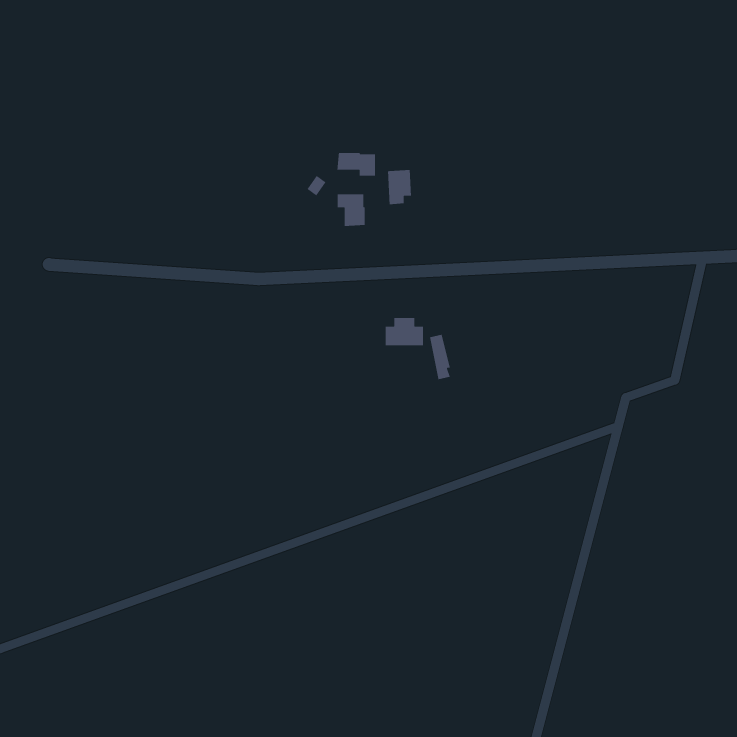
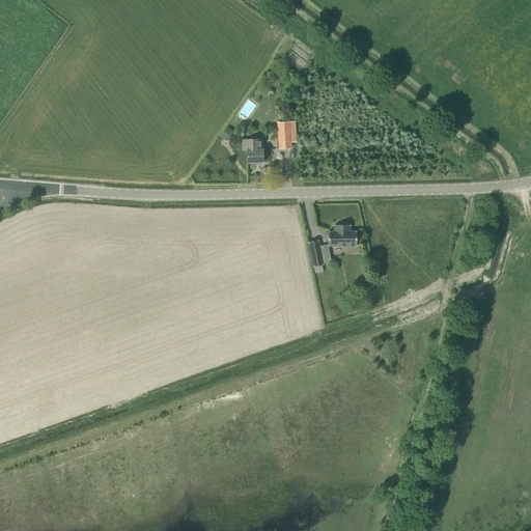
building: [337,152,376,177] -> none
building: [385,317,424,346] -> [329,224,357,245]

